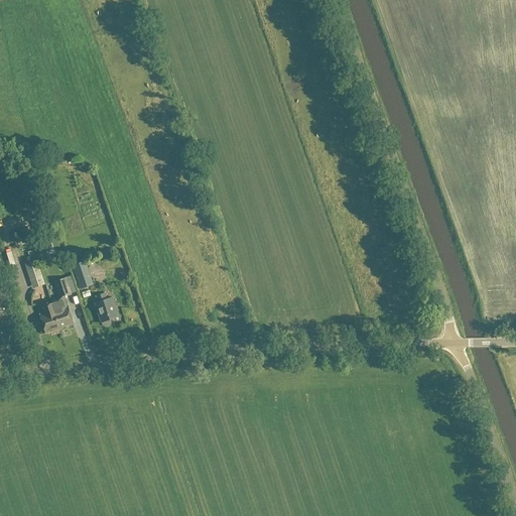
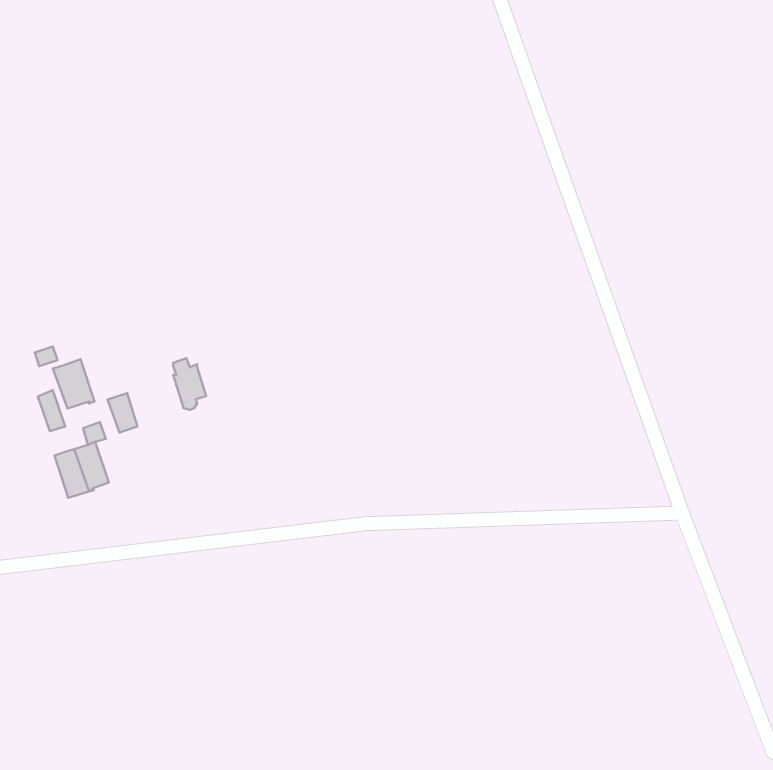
building: none -> [53,359,95,409]
building: [95,291,117,326] -> [173,358,206,410]

